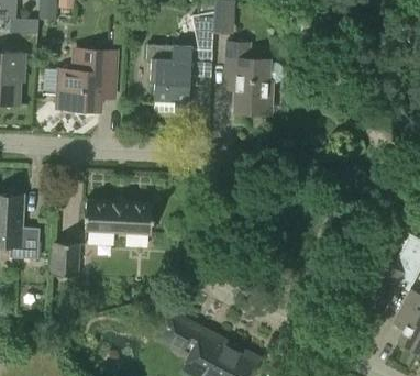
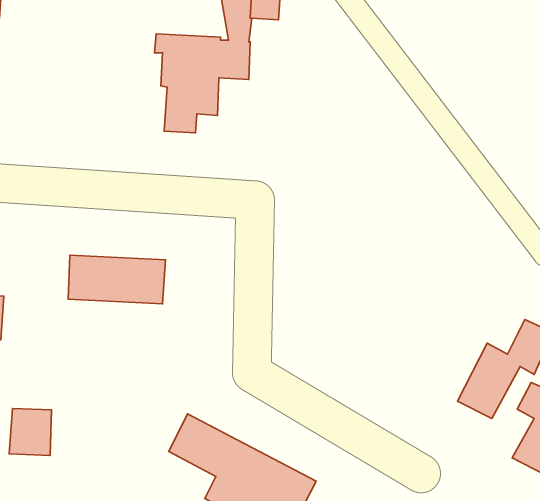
building: [223,43,284,113] -> none
building: [57,51,115,110] -> none
building: [49,243,79,276] -> [9,408,52,455]

